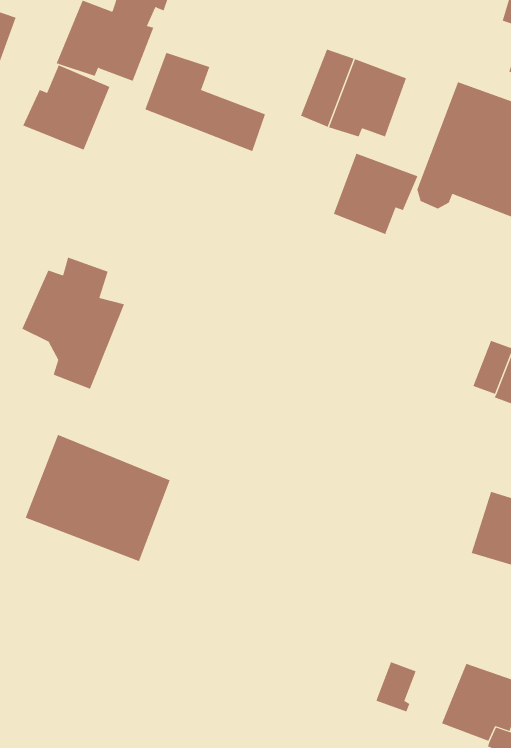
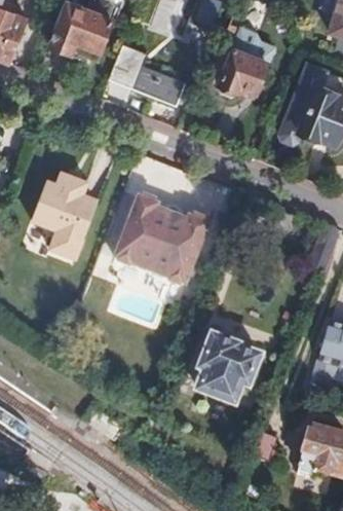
building: [23,64,110,151] -> none
building: [333,153,418,235] -> none
building: [25,434,171,562] -> [108,192,199,272]
building: none -> [197,334,261,398]

